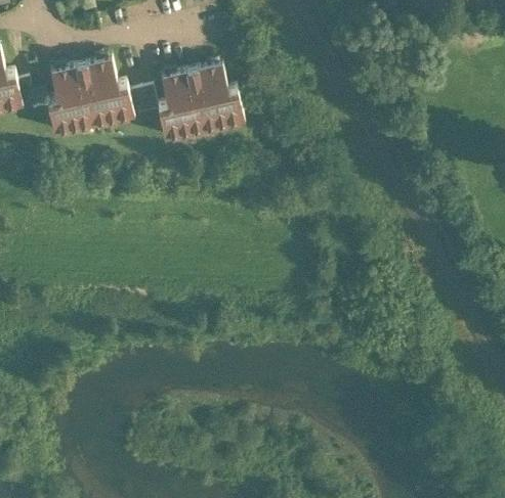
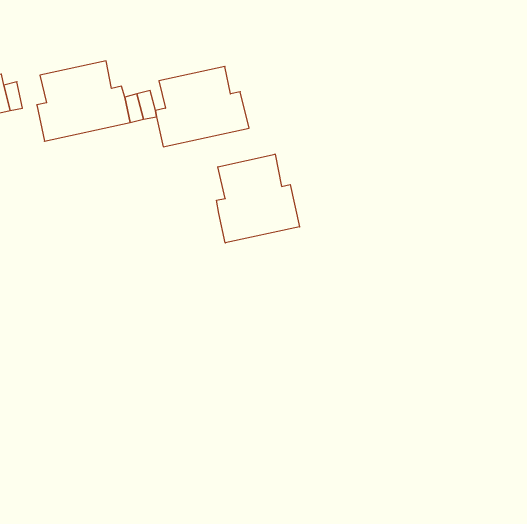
building: none -> [217,154,300,243]

